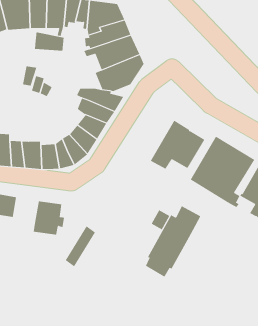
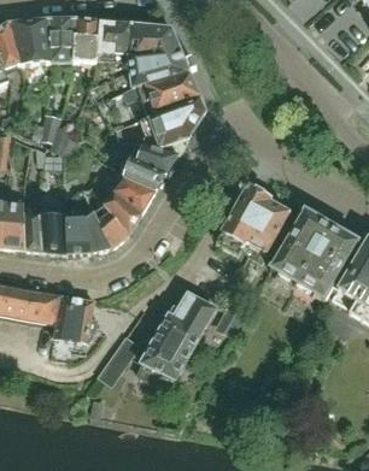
building: [35,32,64,51] -> none
building: none -> [28,289,61,322]
building: [145,206,201,278] -> [136,292,212,389]

